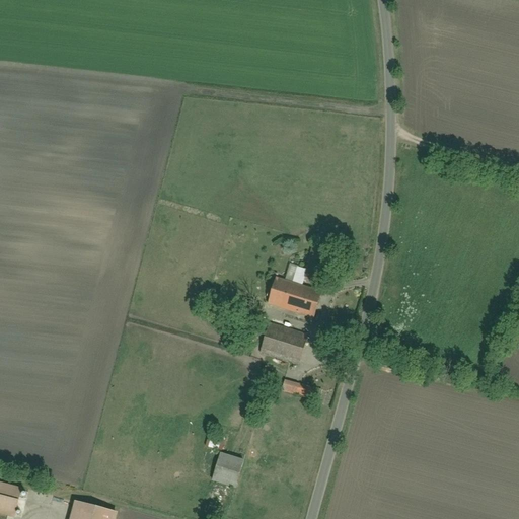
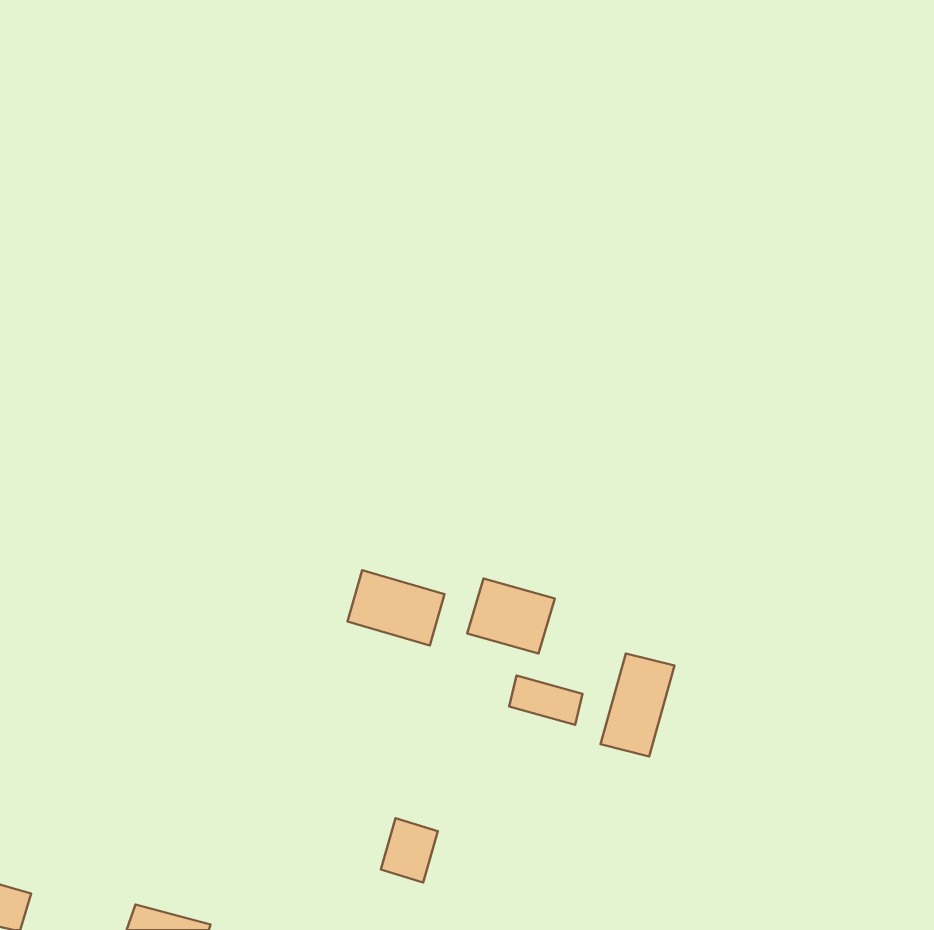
building: [267,277,320,318] -> [348,570,445,645]
building: none -> [601,653,674,756]

